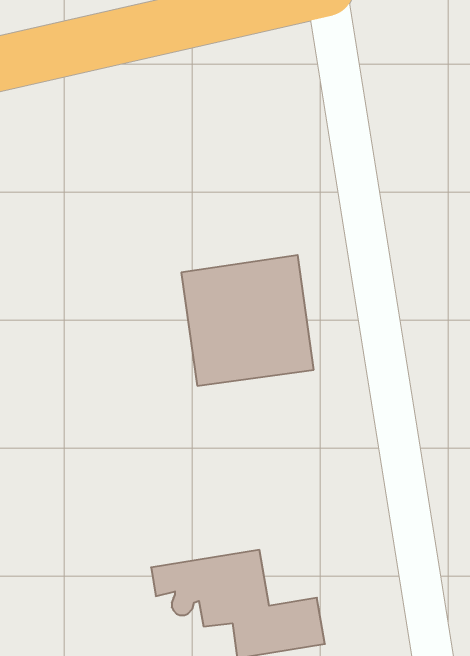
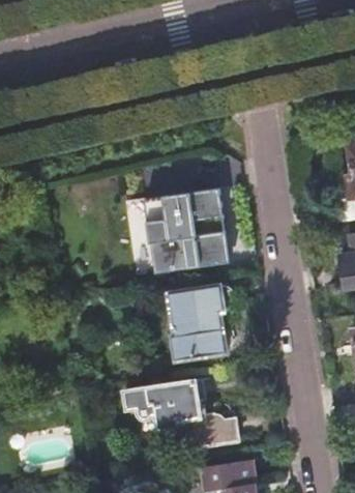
building: none -> [168,286,230,359]

